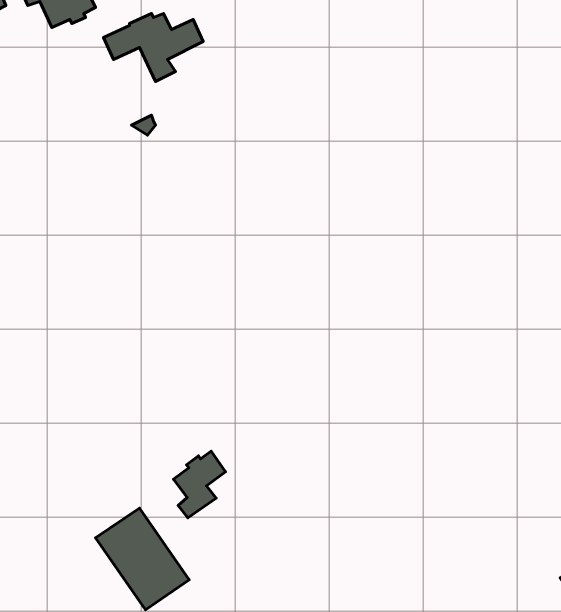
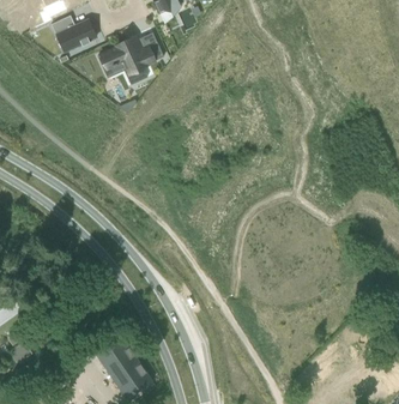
building: [173,451,225,518] -> none

